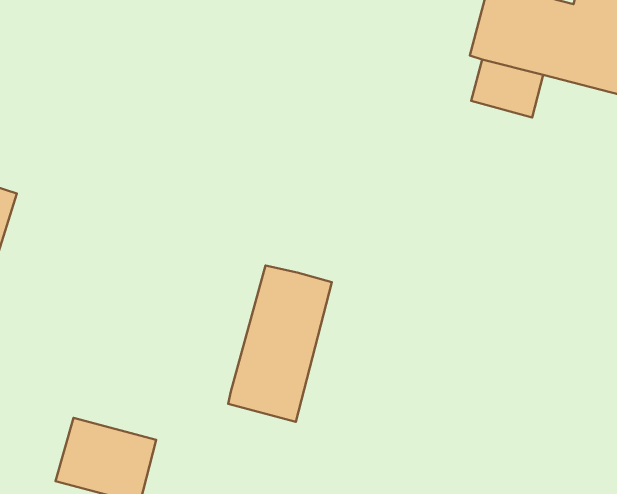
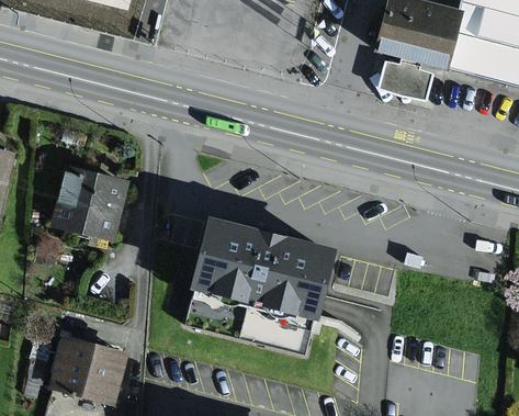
building: none -> [48,169,125,241]
building: none -> [238,229,336,358]

